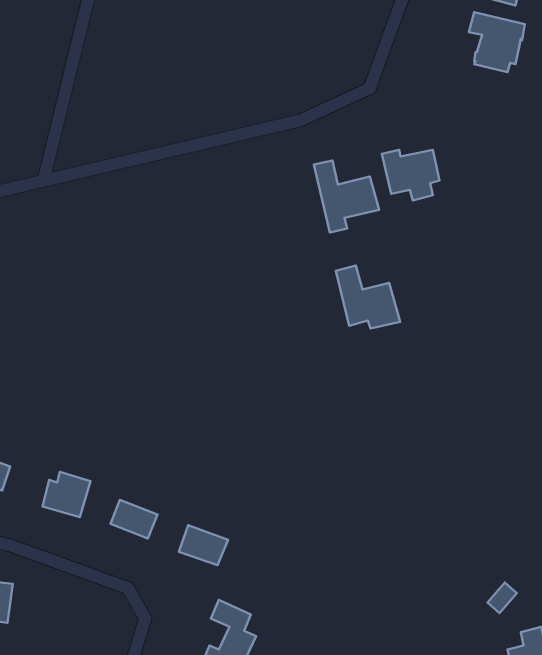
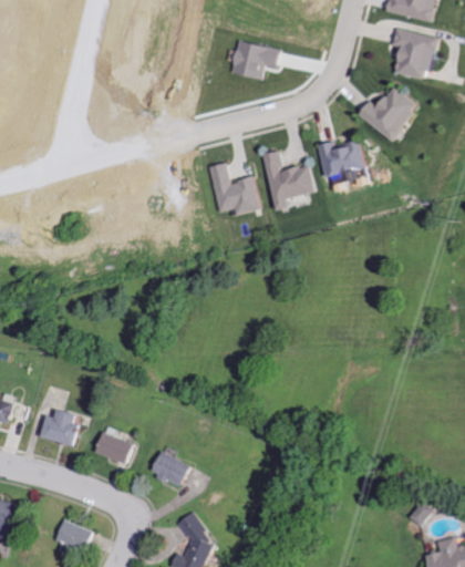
building: none -> [229,39,279,80]
building: none -> [359,86,416,142]
building: [336,266,400,328] -> [207,163,260,215]
building: none -> [53,520,92,553]

